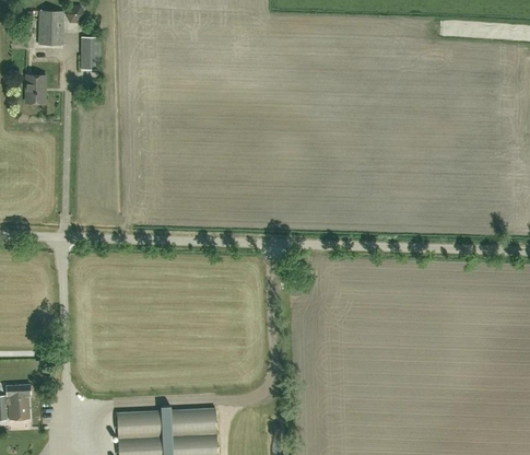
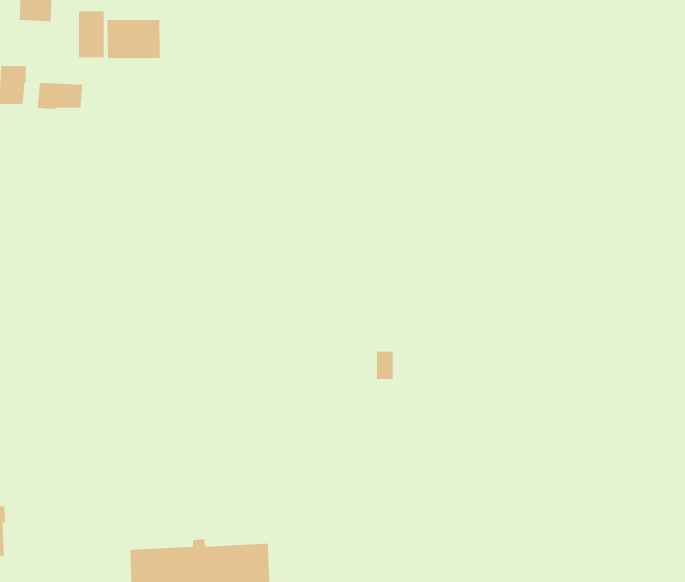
building: none -> [107,19,160,59]
building: none -> [37,82,83,110]

